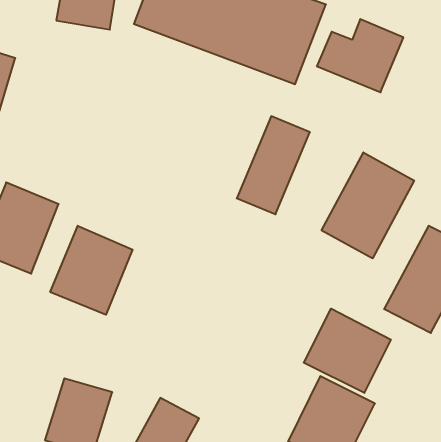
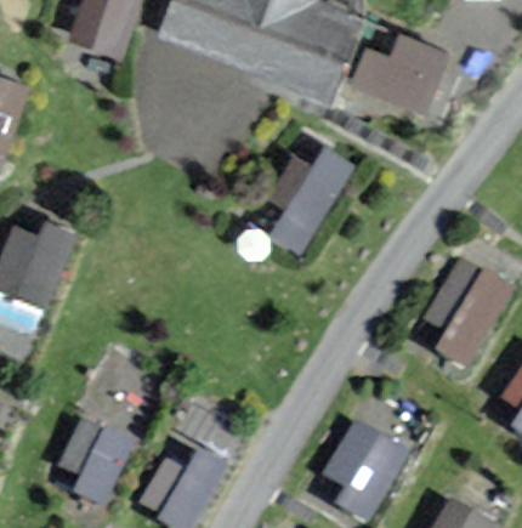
building: [322,152,414,258] -> none
building: [50,226,133,315] -> none
building: [304,309,391,393] -> none

